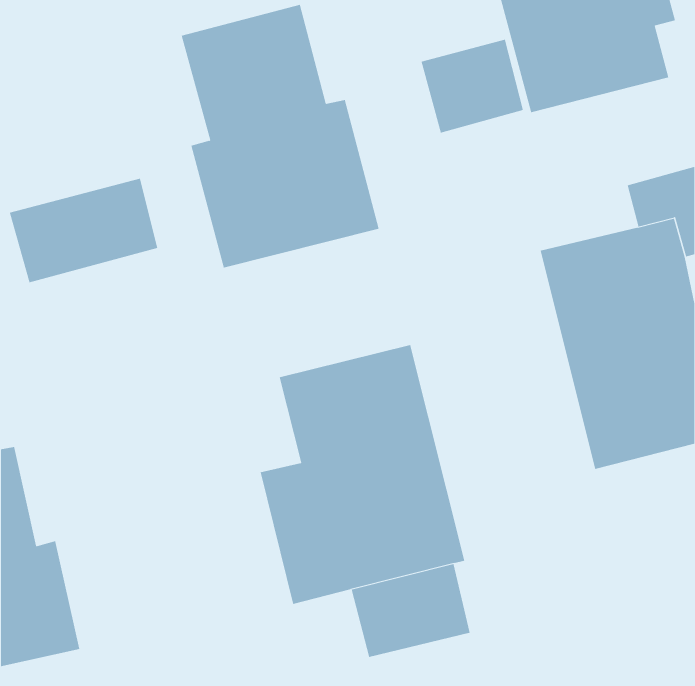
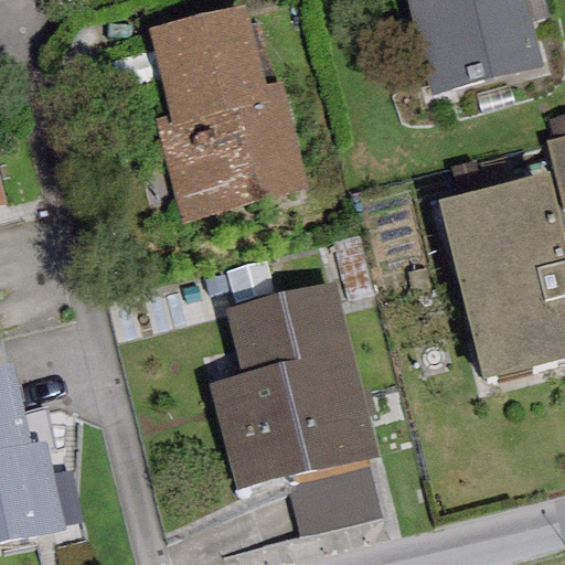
building: [421,39,523,133] -> none
building: [9,178,158,283] -> none

